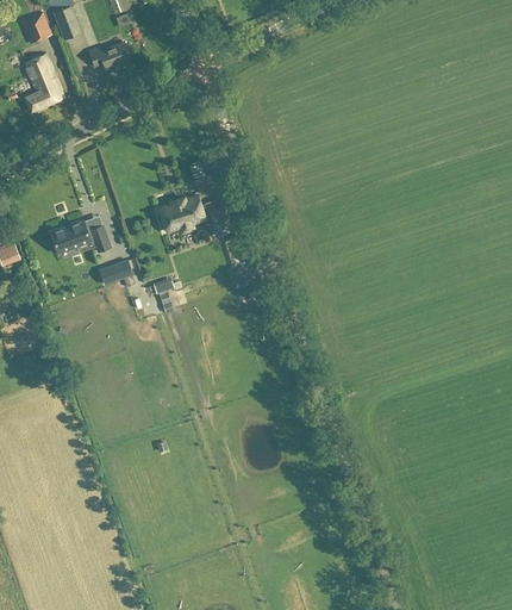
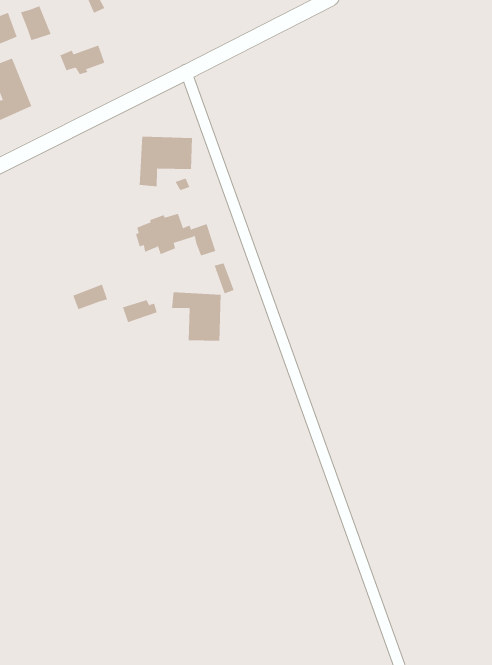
building: none -> [139,136,192,187]
building: [51,220,111,253] -> none
building: none -> [172,291,221,341]

